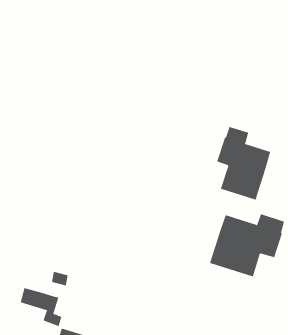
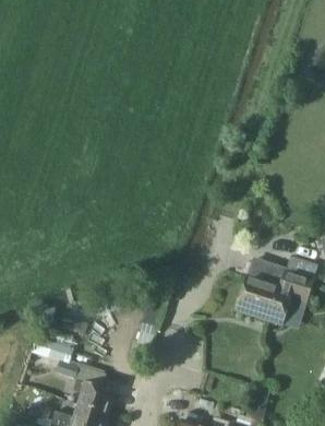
building: [217,126,271,201] -> none

